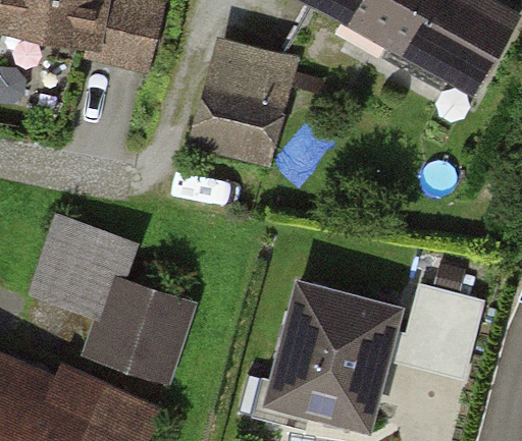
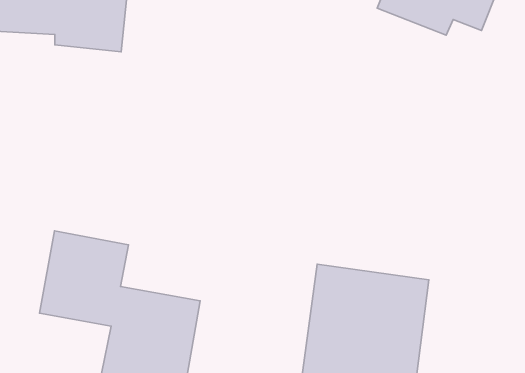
building: [206,44,295,158] -> none
building: [405,286,481,366] -> none

